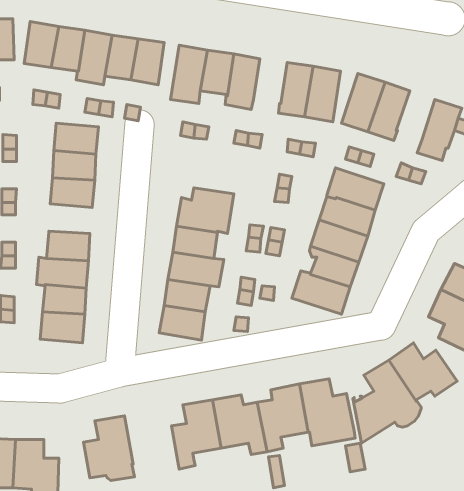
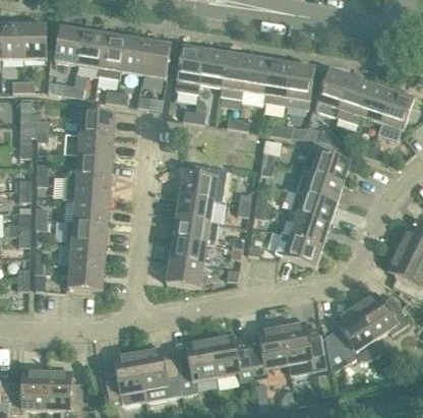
building: none -> [243,57,270,94]
building: none -> [360,83,391,123]
building: none -> [62,176,111,200]
building: none -> [137,346,182,401]

